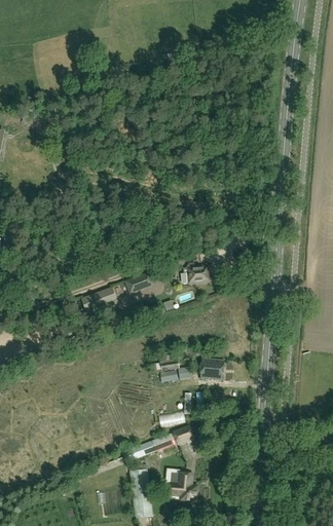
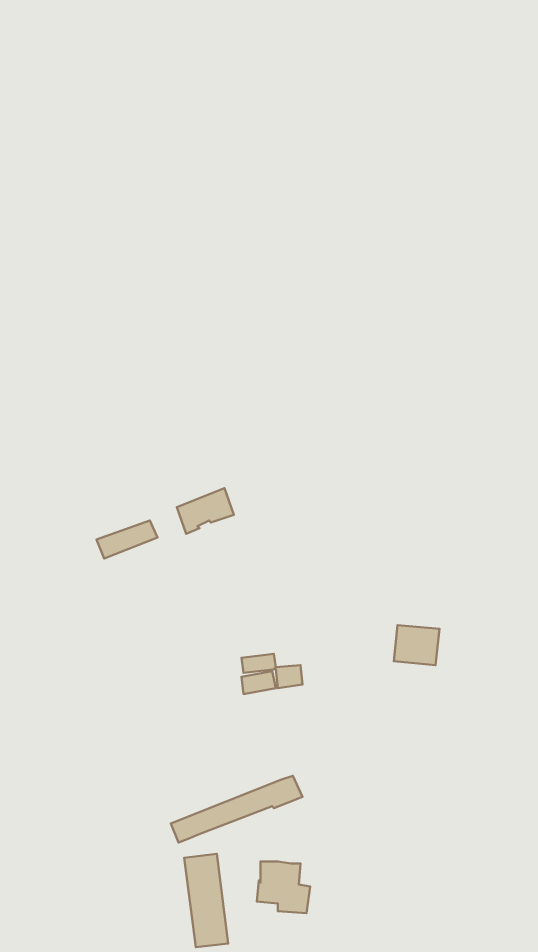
building: [183,263,210,283] -> none
building: [199,358,224,379] -> [394,625,439,665]

